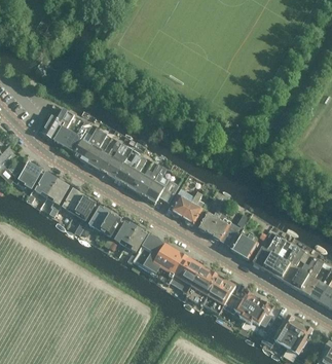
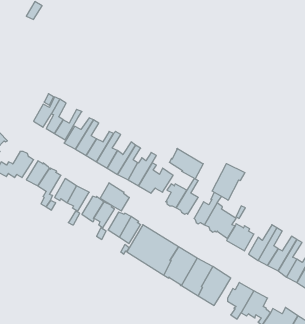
building: none -> [169,148,203,179]
building: none -> [212,164,245,200]
building: none -> [100,183,129,211]

